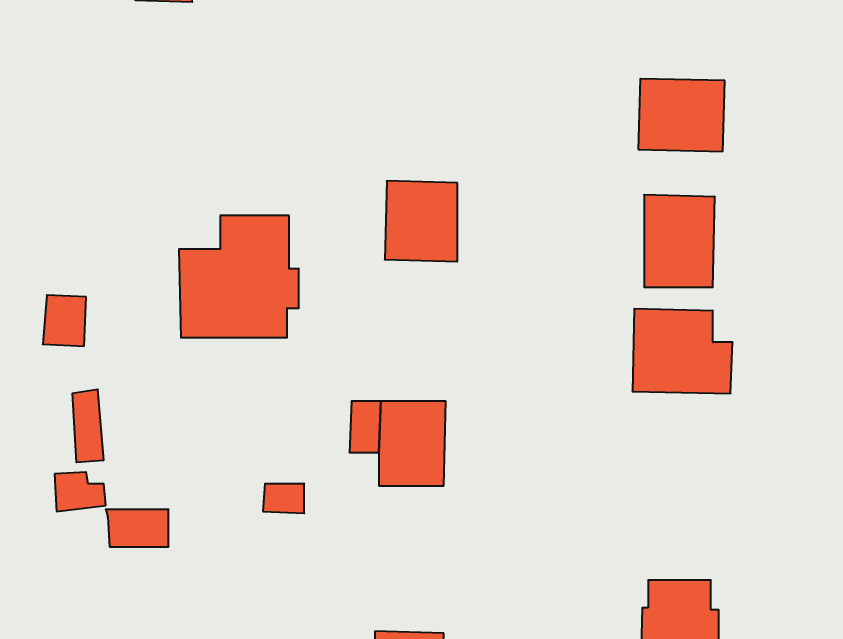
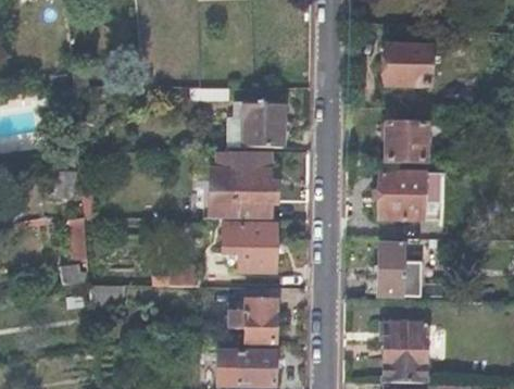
building: [179,216,299,338] -> [211,150,277,217]
building: none -> [377,243,422,294]
building: none -> [229,297,276,339]

